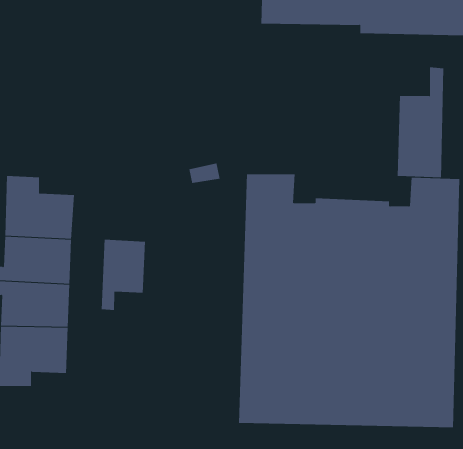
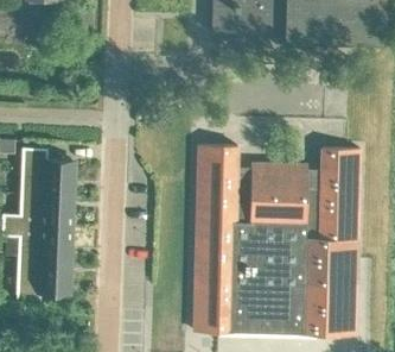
building: [397,67,444,178] -> none
building: [101,239,146,311] -> none

